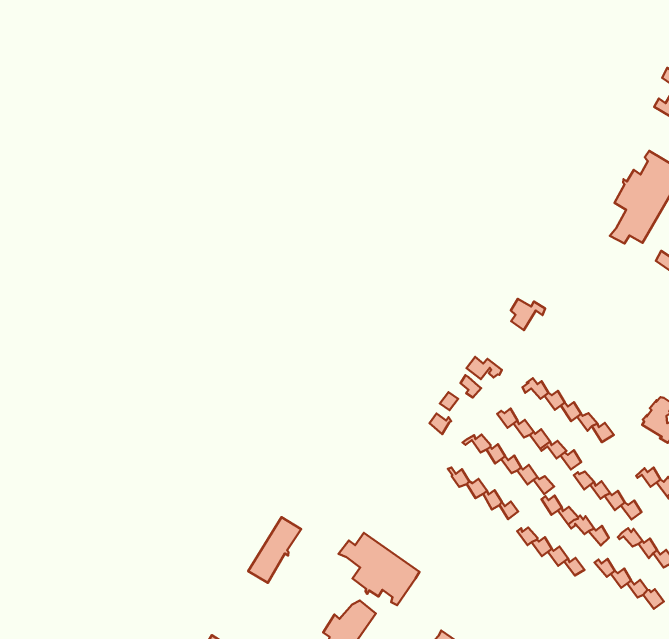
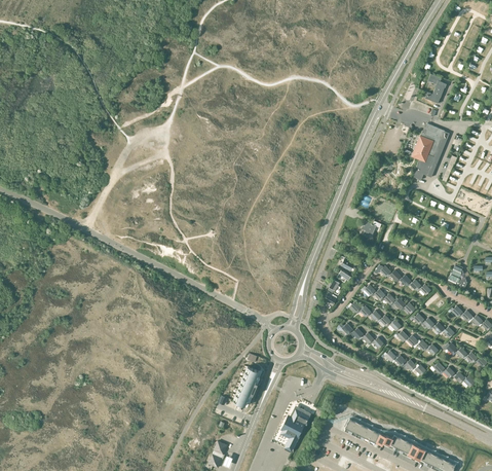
building: [338,533,419,605] -> none

